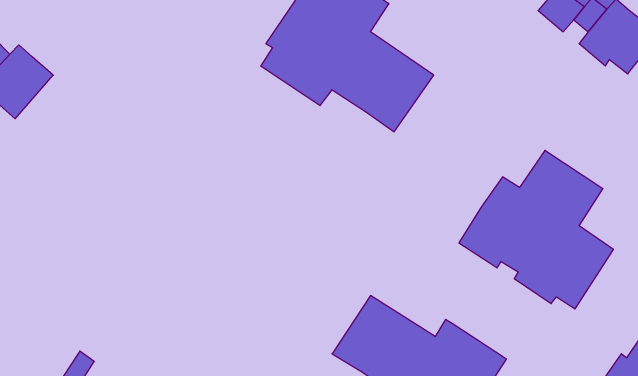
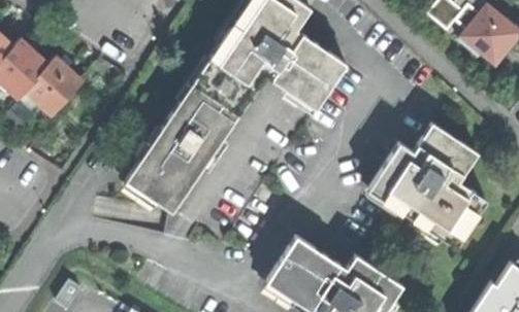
building: none -> [19,57,83,117]
building: none -> [123,57,257,211]

